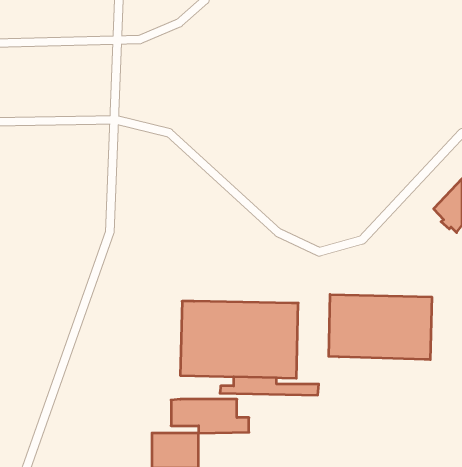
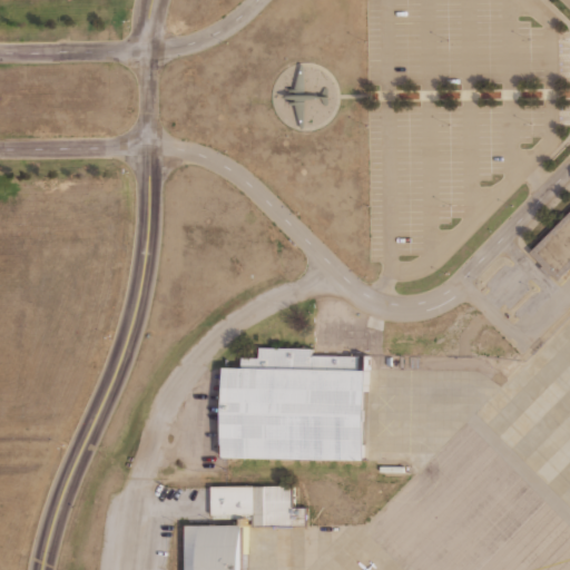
building: [329,294,432,360] -> none
building: [220,377,319,395] -> [236,347,356,370]

